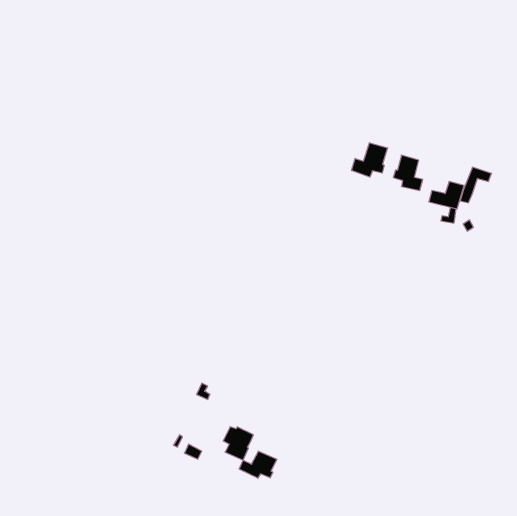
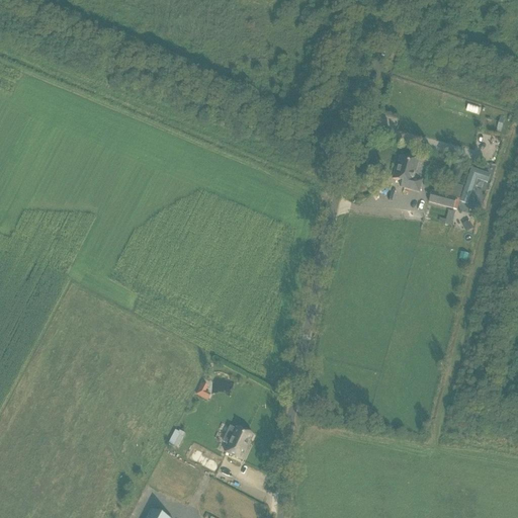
building: [352,143,388,177] -> none
building: [239,451,277,478] -> none

